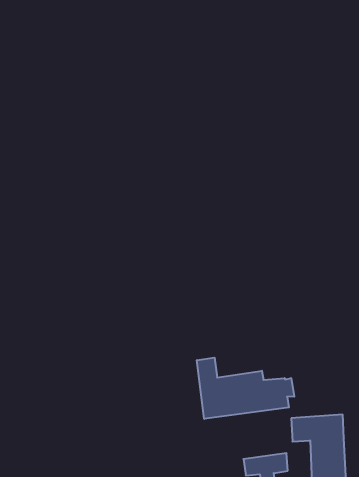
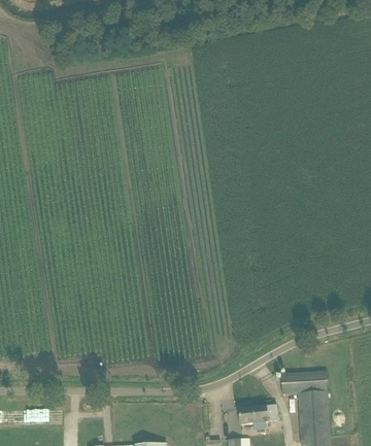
building: [197,358,294,419] -> none

